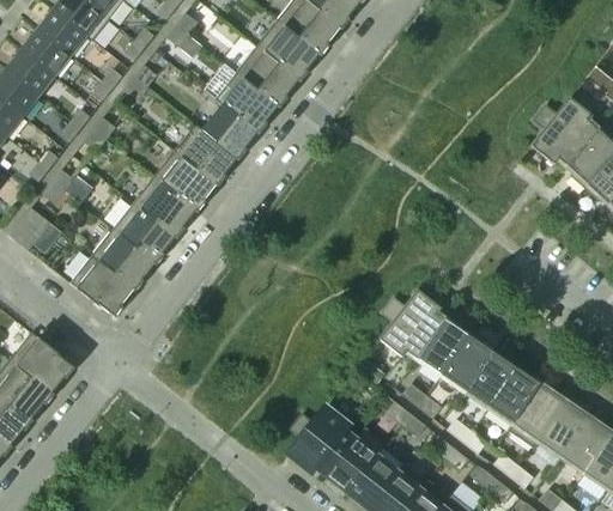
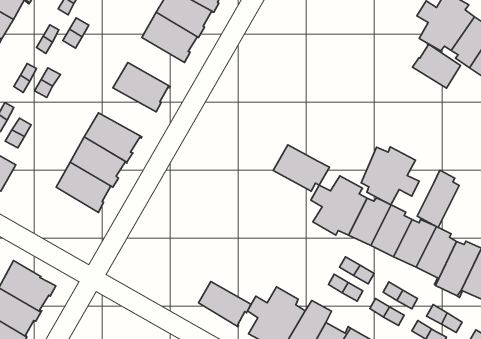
building: [194,98,259,159] -> none
building: [152,151,218,212] -> none
building: none -> [413,43,461,88]
building: none -> [273,145,329,191]
building: [77,255,135,317] -> none
building: none -> [361,147,419,205]
building: none -> [417,170,459,228]
building: none -> [199,281,251,327]

